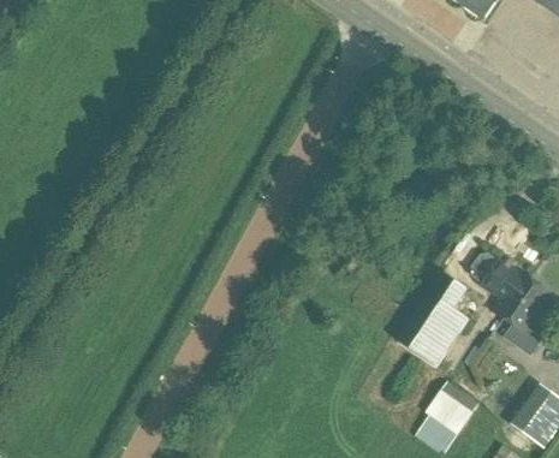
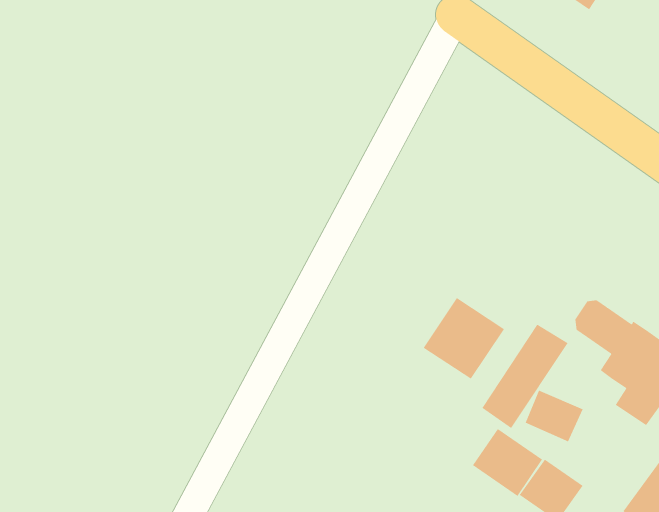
building: none -> [423,297,505,380]
building: none -> [472,428,543,497]

